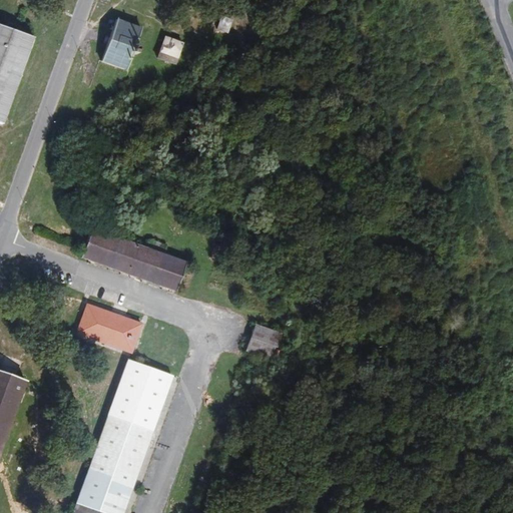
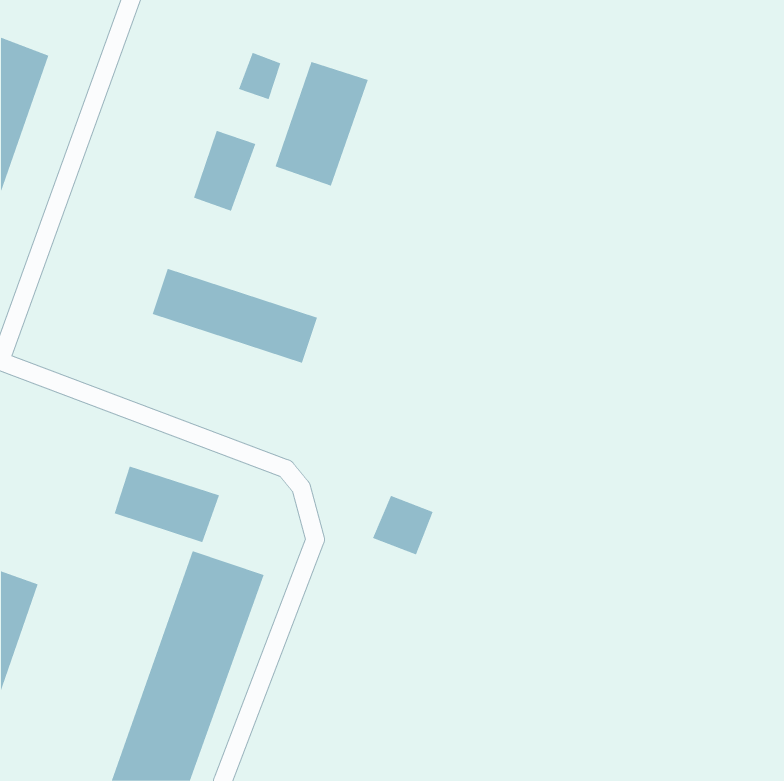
building: [101,17,142,70] -> [193,130,256,212]
building: none -> [275,61,369,186]
building: [82,228,190,291] -> [152,268,318,363]

